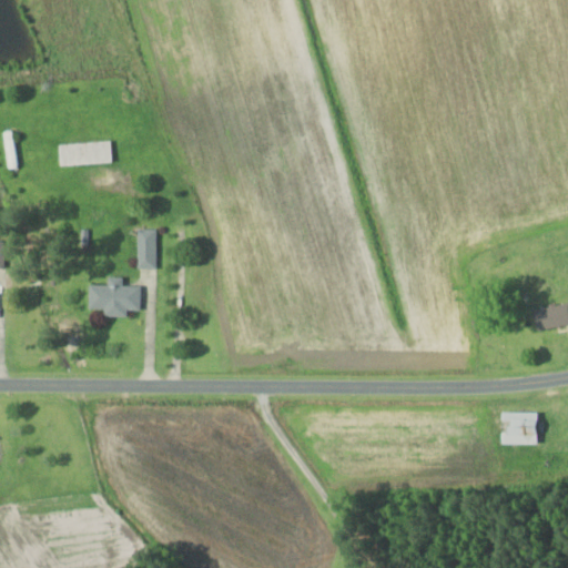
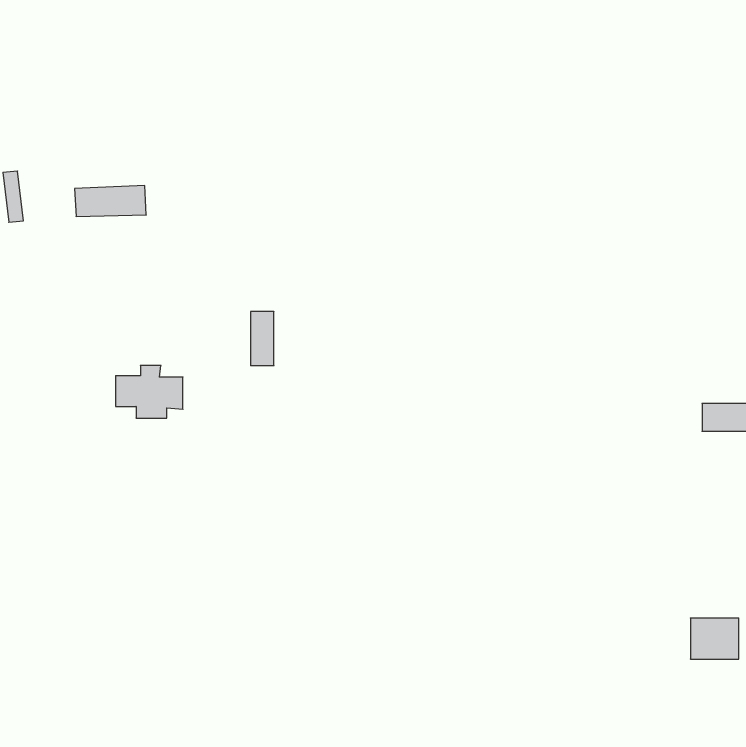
building: [139,229,156,270] -> [251,312,274,366]
building: [500,413,537,444] -> [690,618,739,659]

